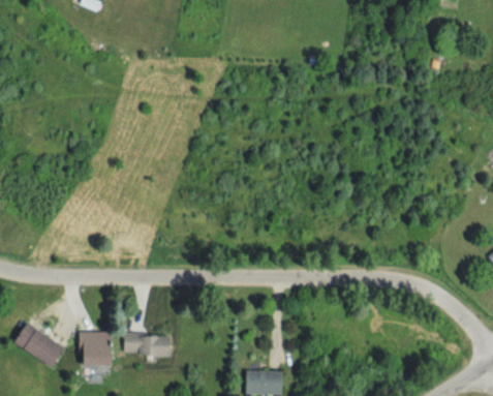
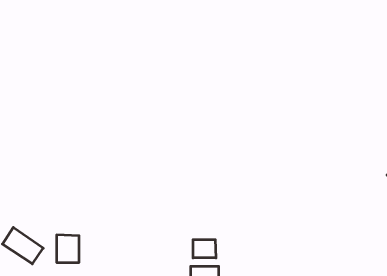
building: [125,334,174,356] -> none
building: none -> [193,240,216,258]

